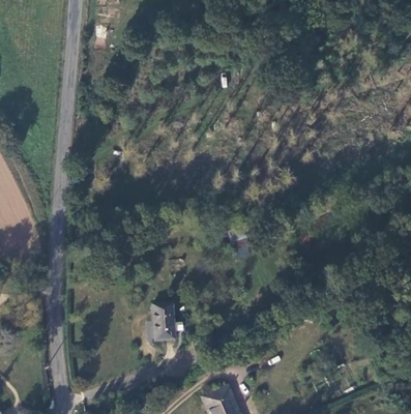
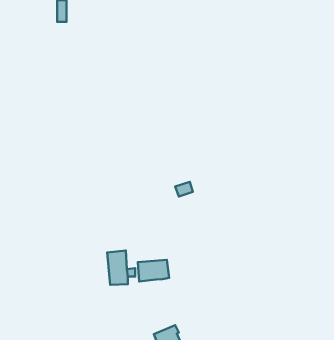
building: none -> [138,260,169,281]

